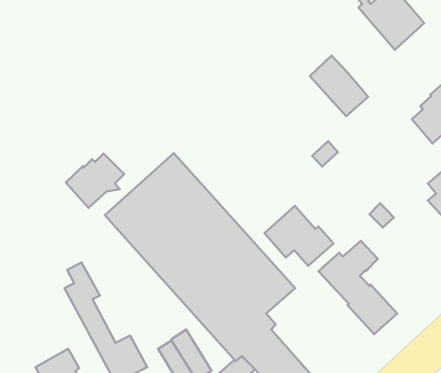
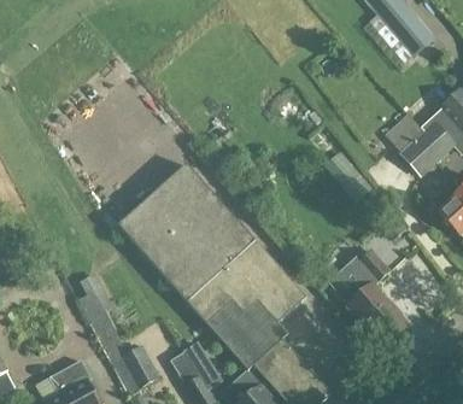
building: [310,55,368,116] -> [385,112,443,172]
building: [66,154,124,208] -> none
building: [264,206,333,266] -> none

